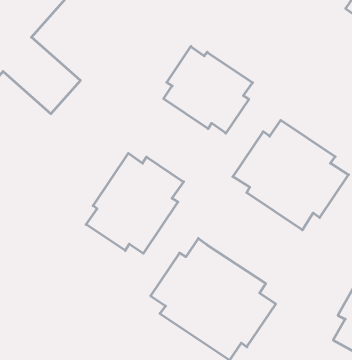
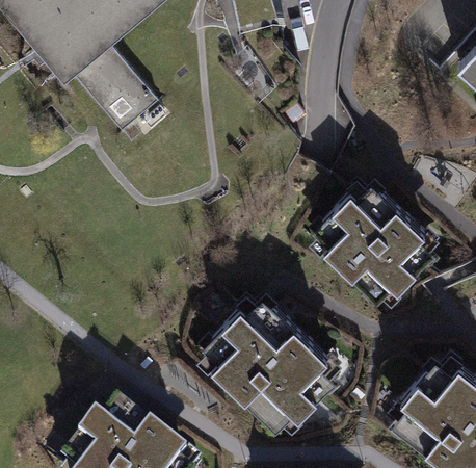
building: [164,46,253,133] -> none
building: [86,153,184,253] -> none

